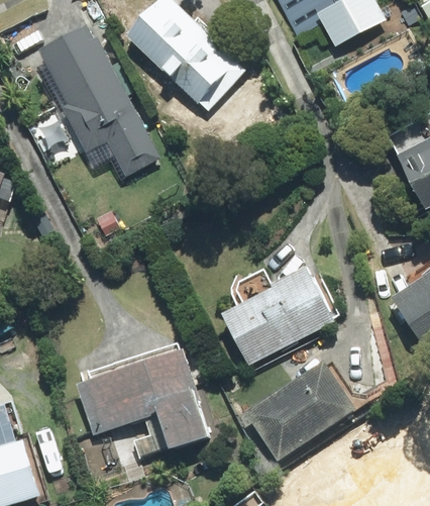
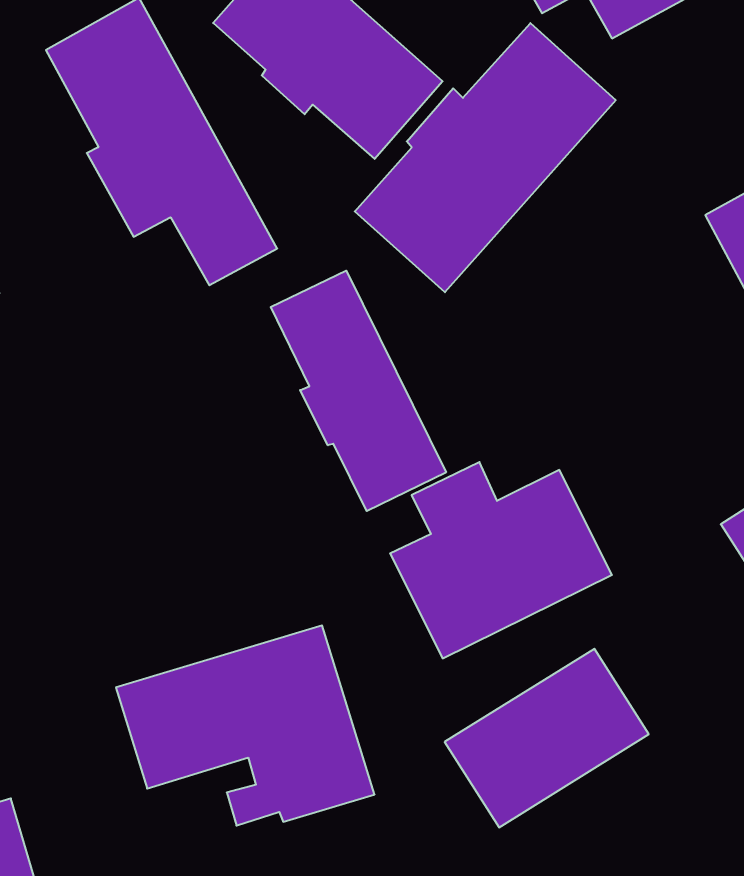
building: none -> [355,23,616,292]
building: none -> [271,271,446,511]

